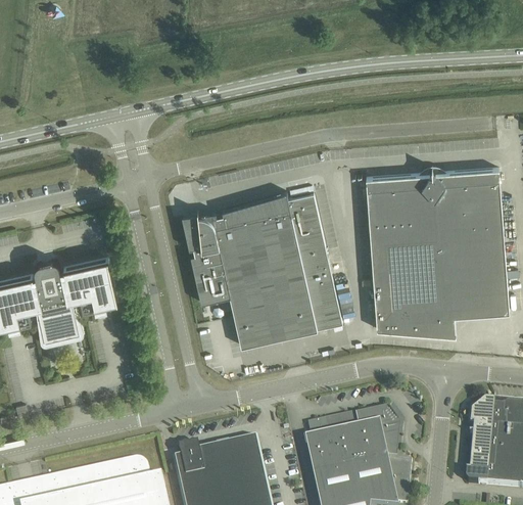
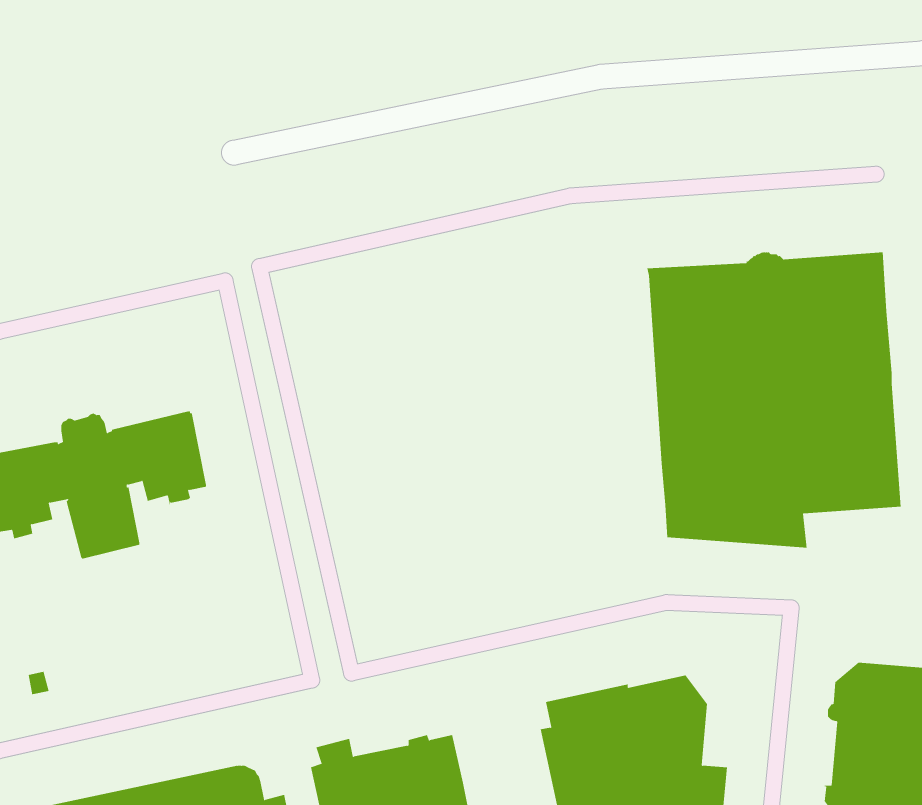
building: [184,193,343,348] -> none

